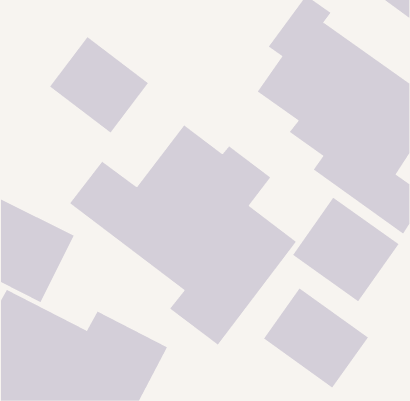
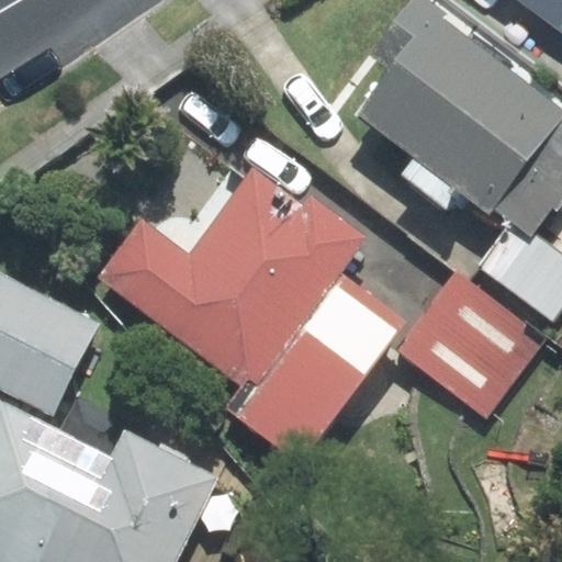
building: [49,36,149,133] -> none
building: [263,288,369,388] -> none

